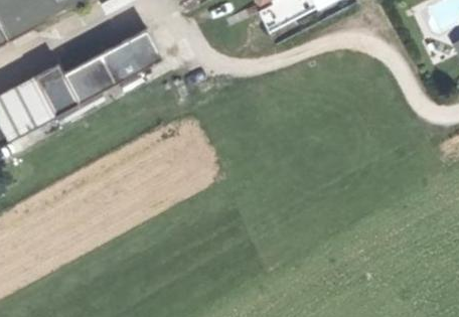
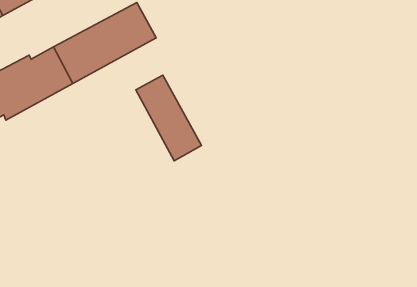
building: none -> [136,75,201,161]

